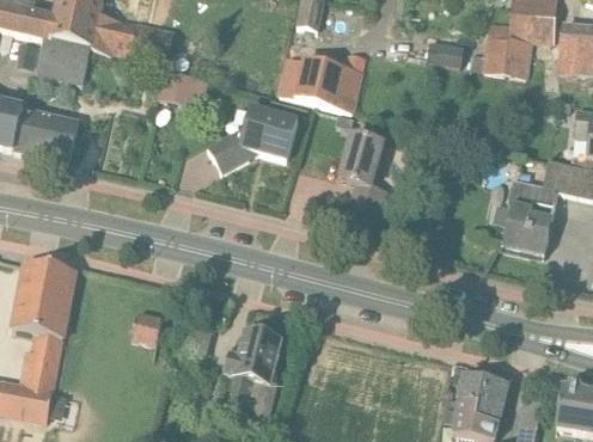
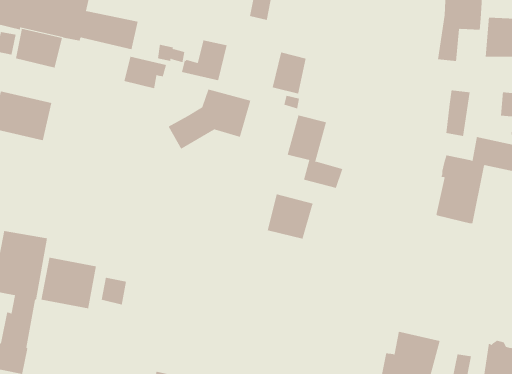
building: [484,20,512,72] -> [446,90,470,137]
building: [427,38,464,65] -> none
building: [280,57,331,103] -> [181,40,228,81]
building: none -> [267,194,314,240]
building: none -> [41,257,97,309]
building: [225,331,280,411] -> none

